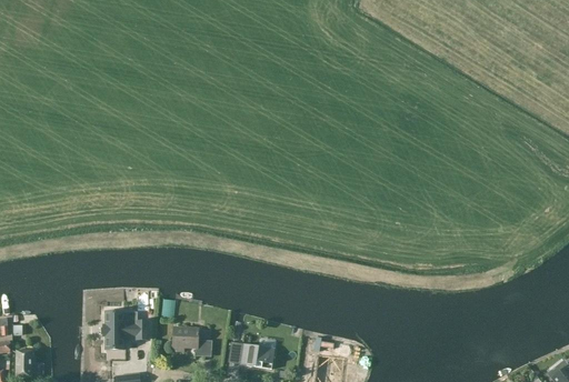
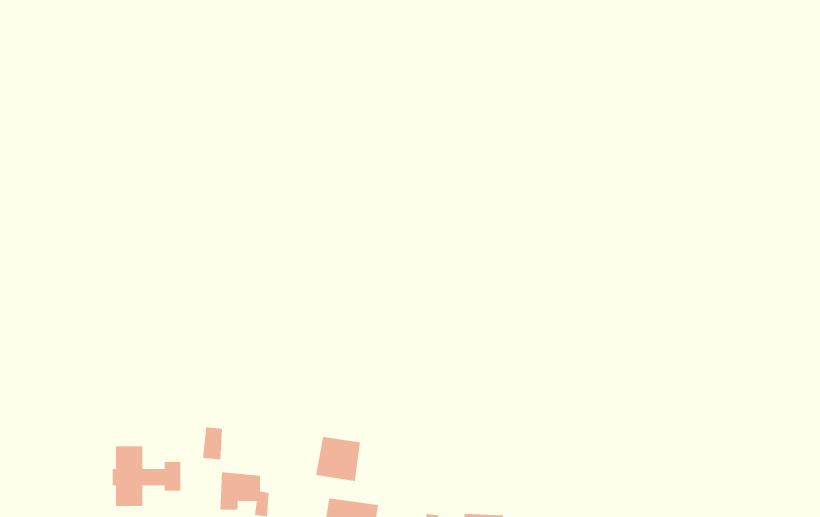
building: none -> [316,436,361,482]

